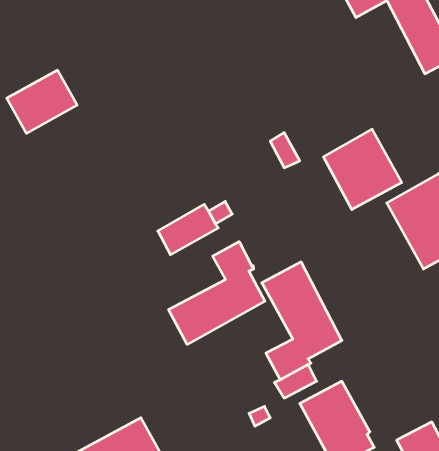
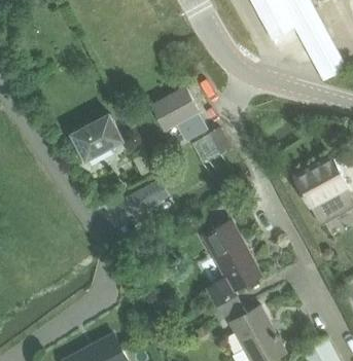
building: [7,70,77,133] -> [72,113,123,159]
building: none -> [153,86,207,140]
building: [324,129,402,210] -> none
building: [169,242,265,344] -> none

